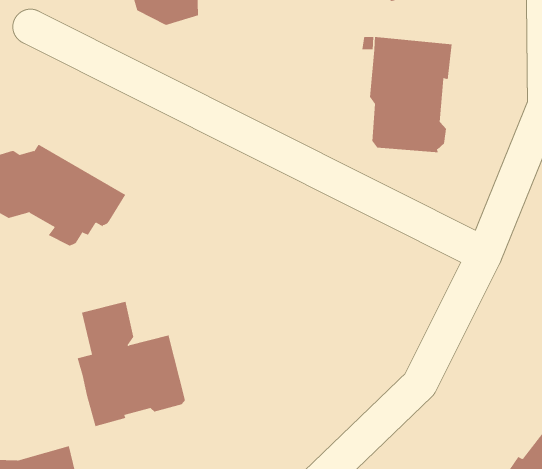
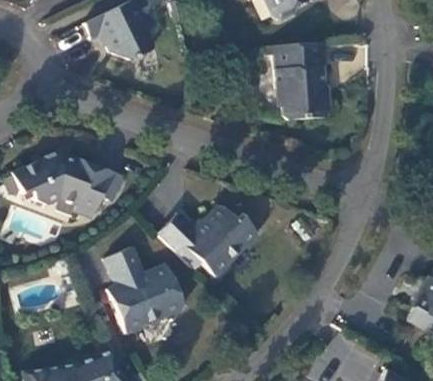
building: none -> [156,206,256,277]

